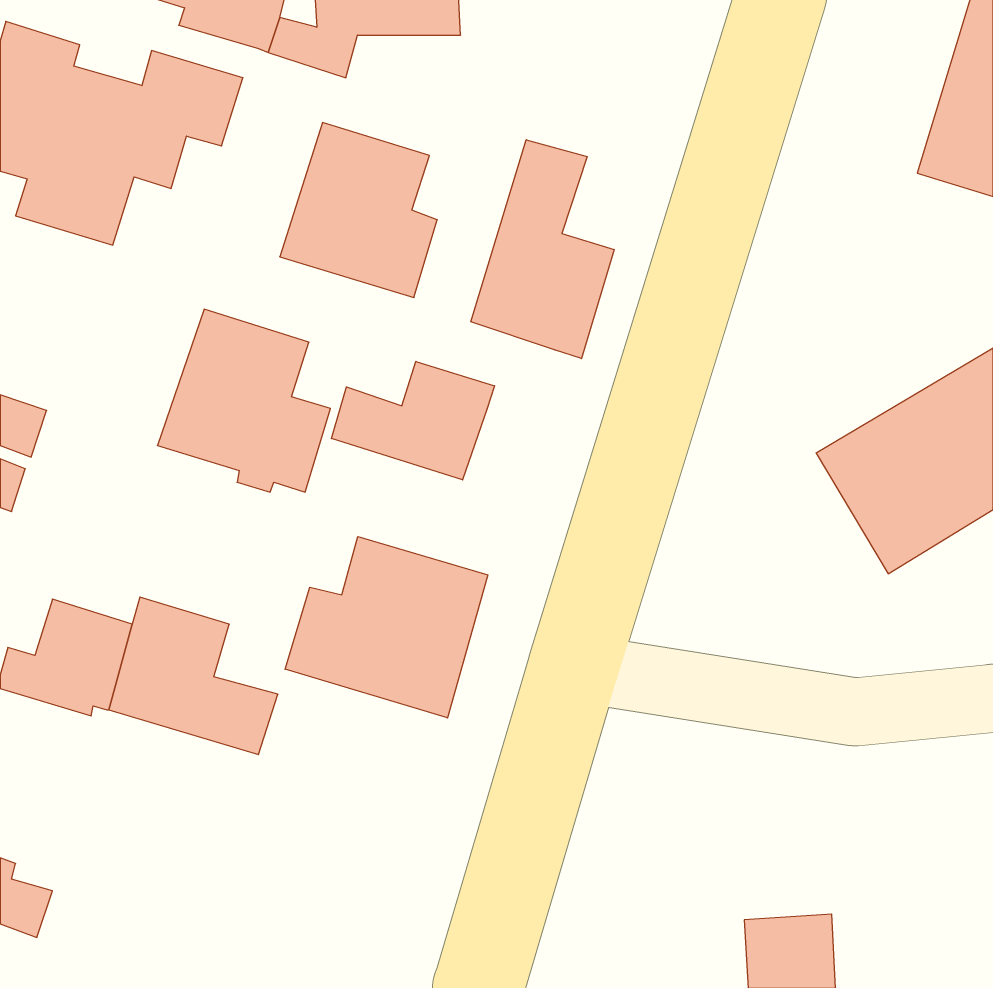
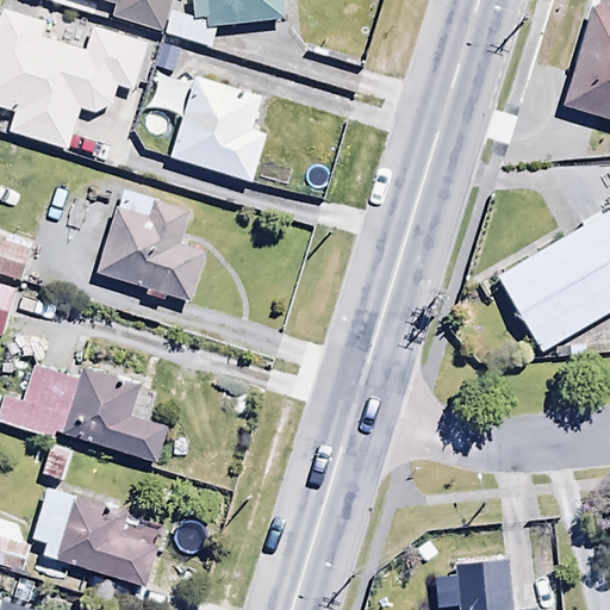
building: [471,140,614,359] -> none
building: [331,361,495,480] -> none
building: [285,537,488,718] -> none
building: none -> [32,485,162,585]

